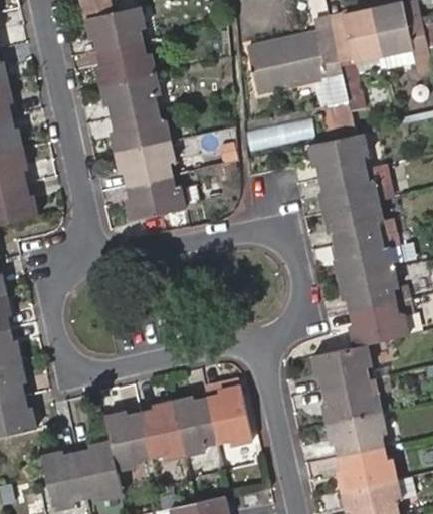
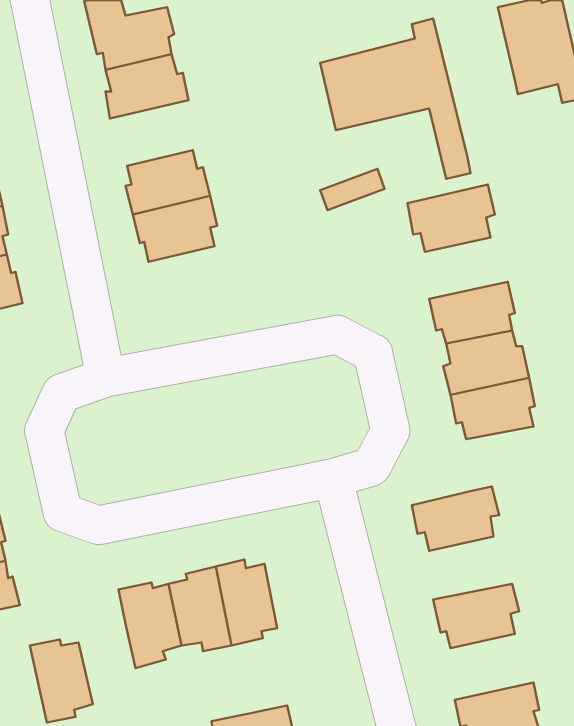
building: [326,7,383,112] -> none
building: [98,72,159,118] -> none
building: [317,165,391,212] -> none
building: [125,175,185,219] -> none
building: [348,301,409,346] -> none
building: [320,378,381,423] -> none
building: [207,386,252,445] -> none
building: [76,440,122,500] -> none
building: [336,447,396,493] -> none

